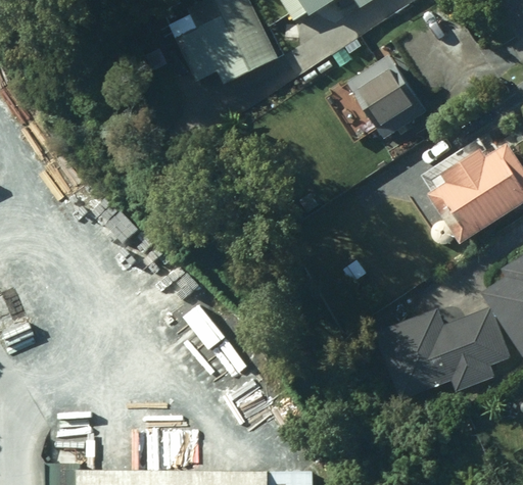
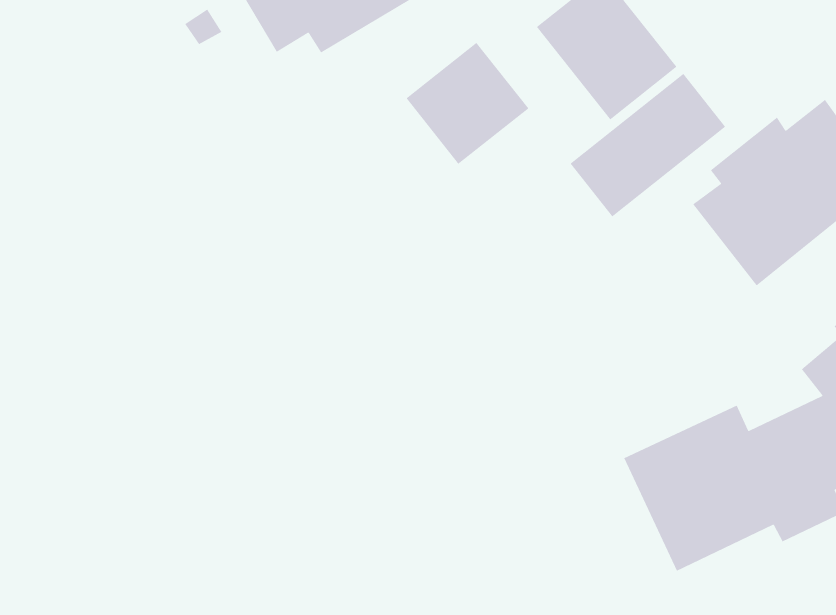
building: none -> [405,42,529,165]
building: none -> [569,73,726,217]

